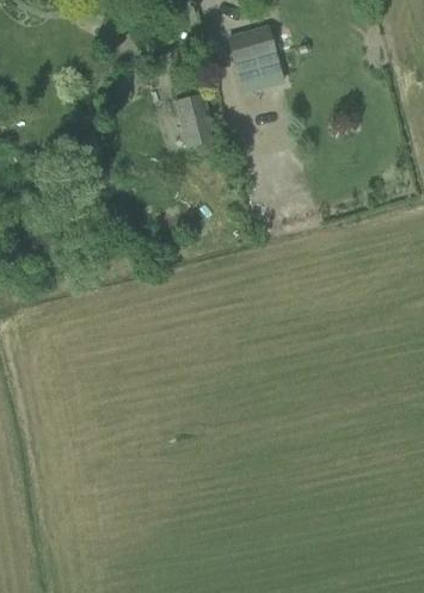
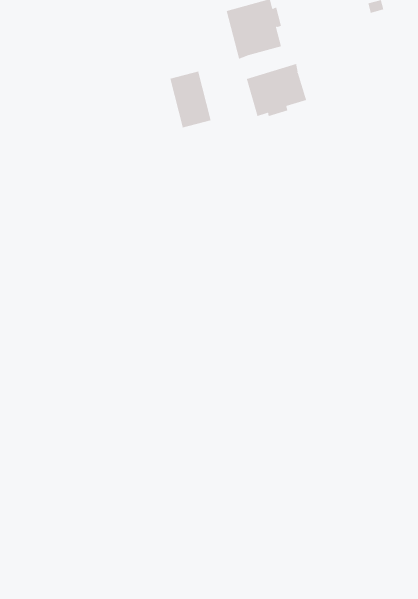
building: none -> [246,63,307,117]

